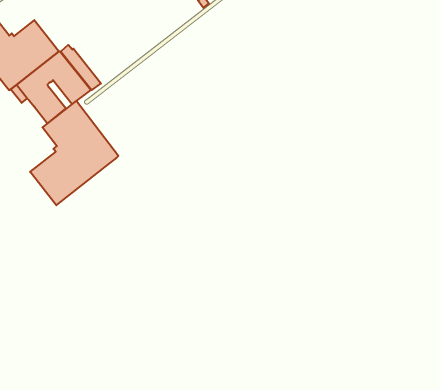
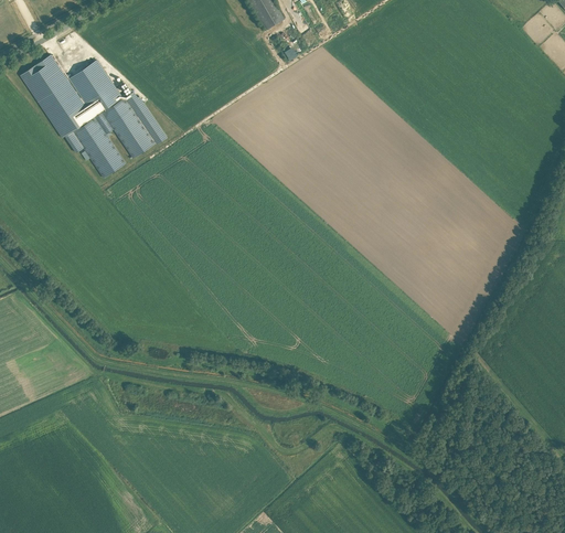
building: [30,101,118,205] -> none

